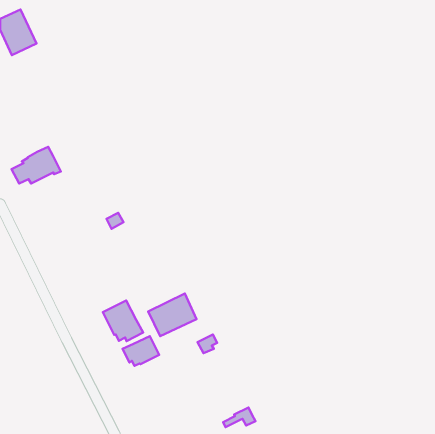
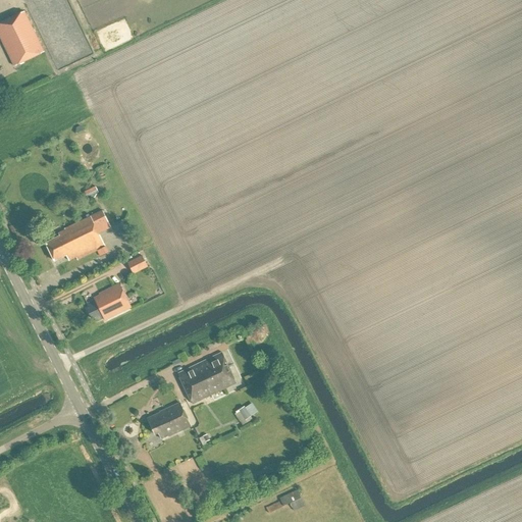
building: [12,147,61,183] -> [46,216,105,260]
building: none -> [87,283,130,321]
building: [103,301,143,341] -> none

